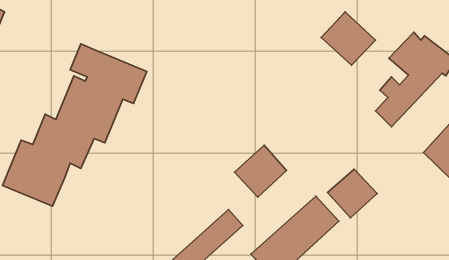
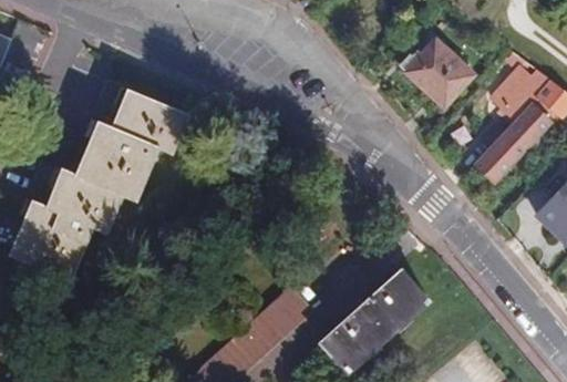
building: [235,145,286,197] -> none
building: [328,169,377,218] -> none

